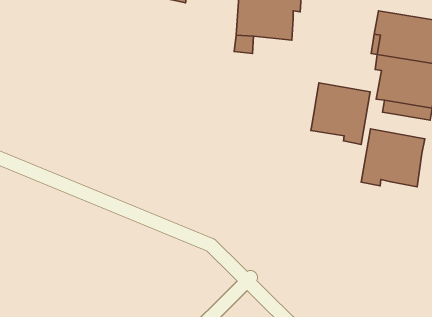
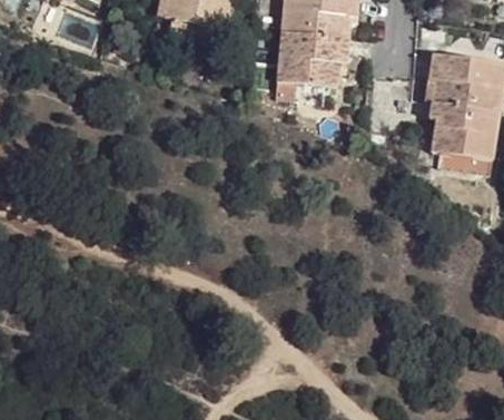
building: [311,83,370,144] -> none
building: [361,129,425,187] -> none

